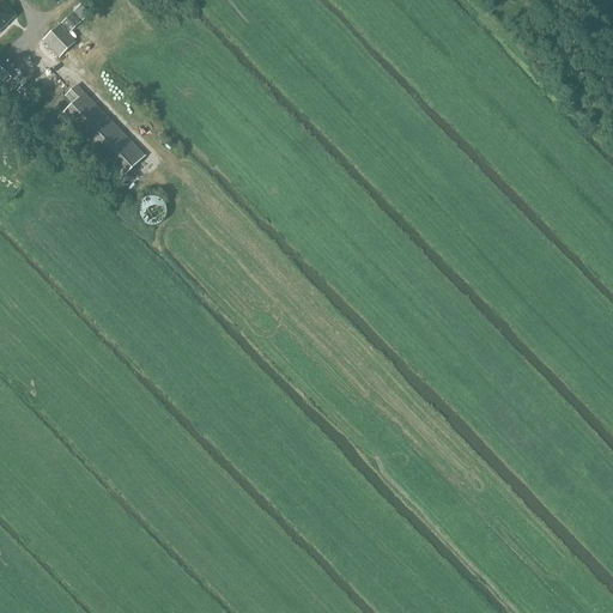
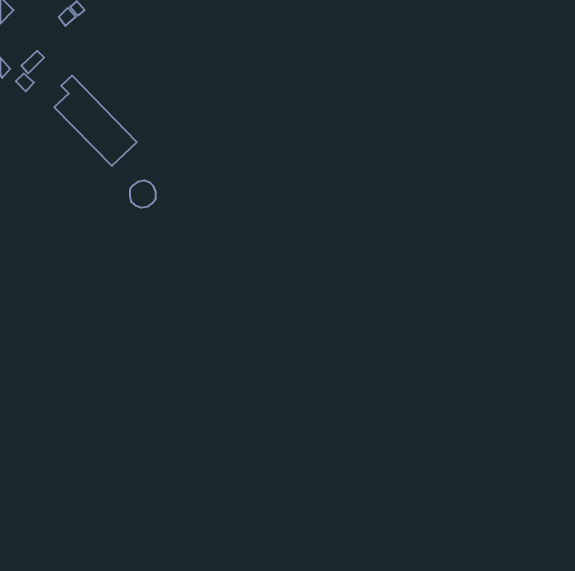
building: [45,20,78,53] -> none

